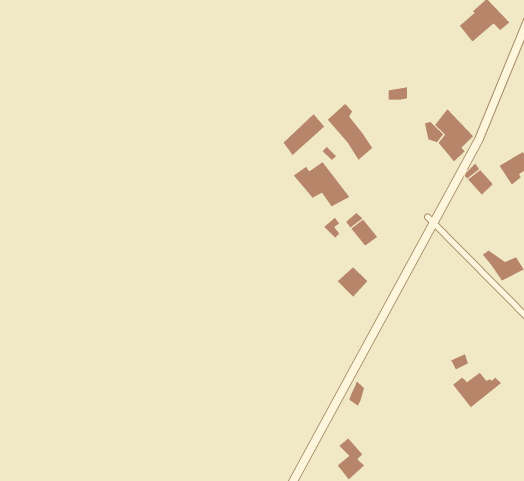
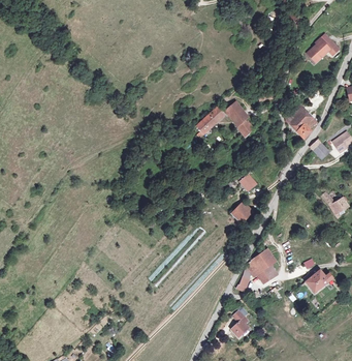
building: [293,161,350,207] -> none
building: none -> [246,249,277,284]

